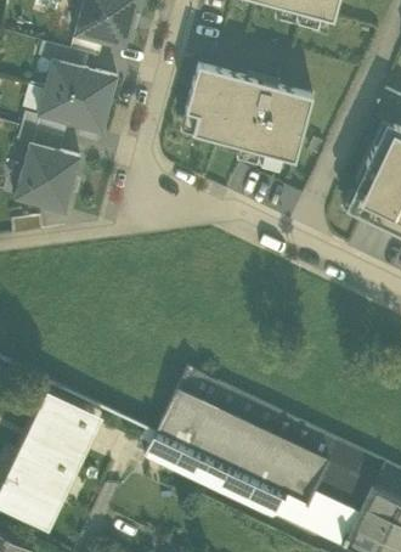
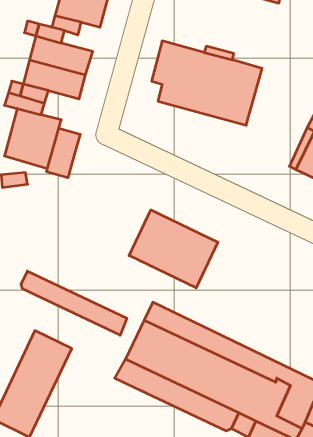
building: none -> [47,128,80,178]
building: none -> [129,210,218,288]
building: none -> [21,271,127,335]

